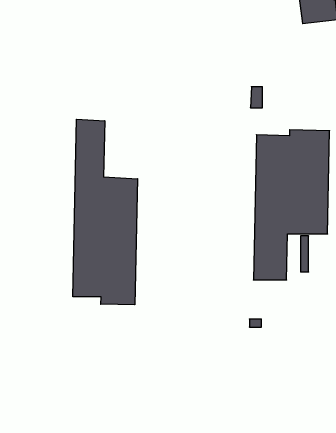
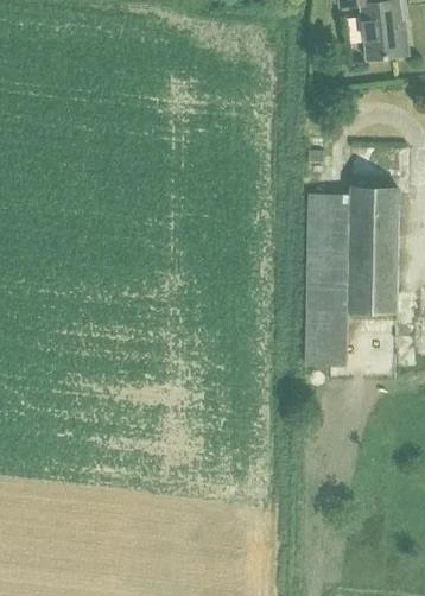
building: [73,119,138,305] -> none

